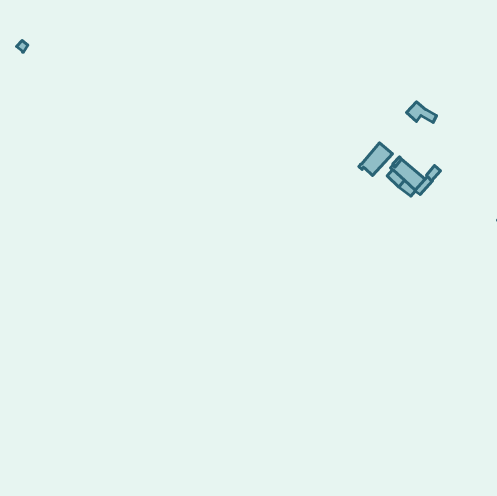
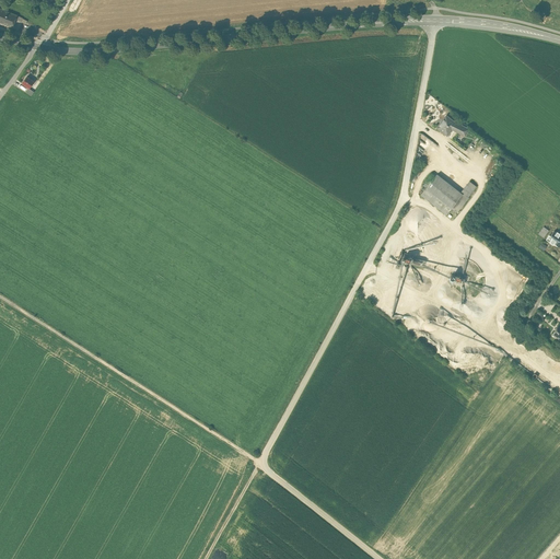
building: [359,143,393,175] -> none

